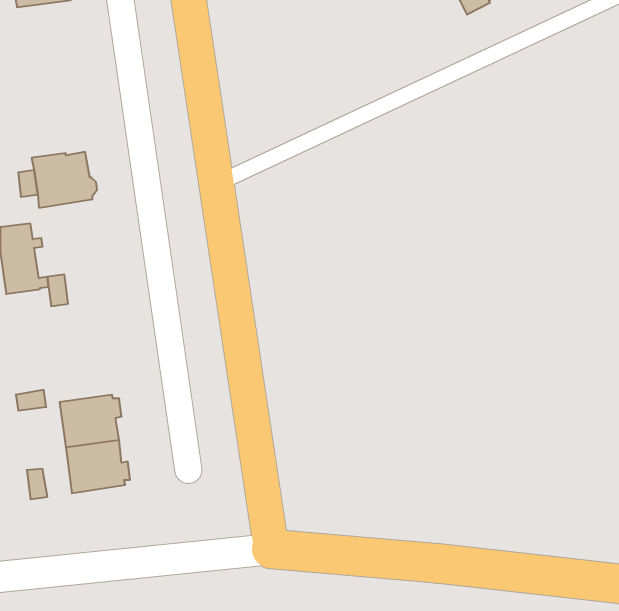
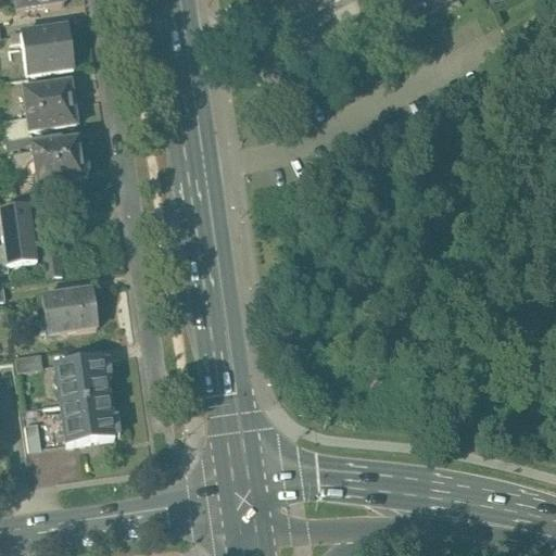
building: none -> [22,24,75,71]
building: none -> [24,79,76,127]
building: none -> [42,286,99,328]

